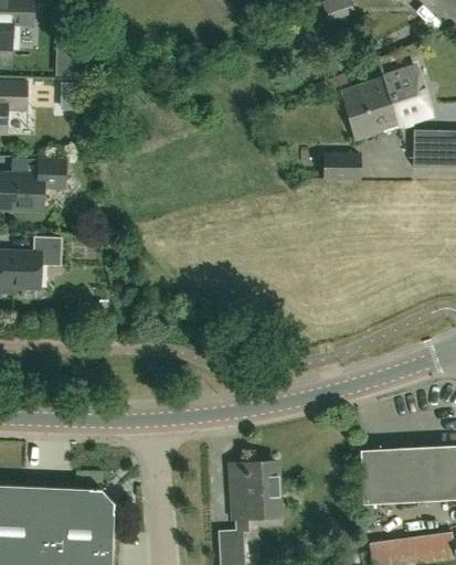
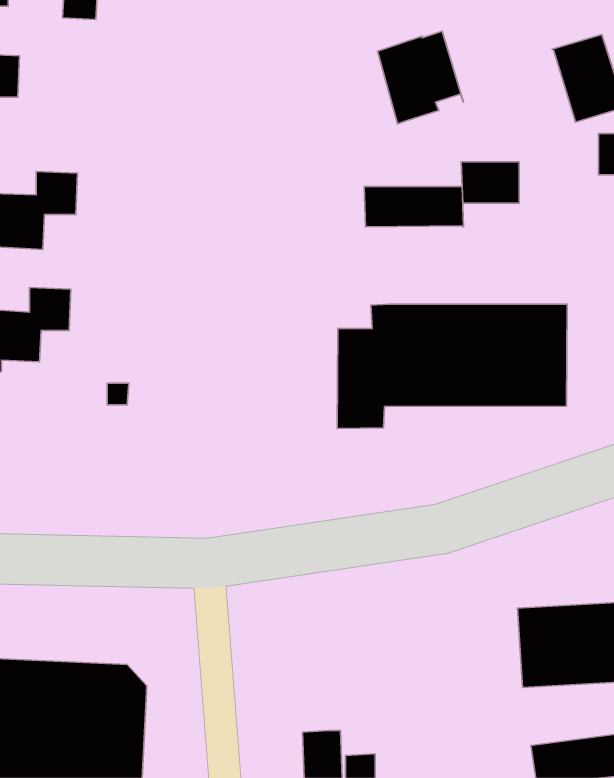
building: [341,78,399,140] -> [378,31,464,124]
building: none -> [364,187,463,227]
building: none -> [337,304,567,428]
building: [229,461,277,516] -> none

